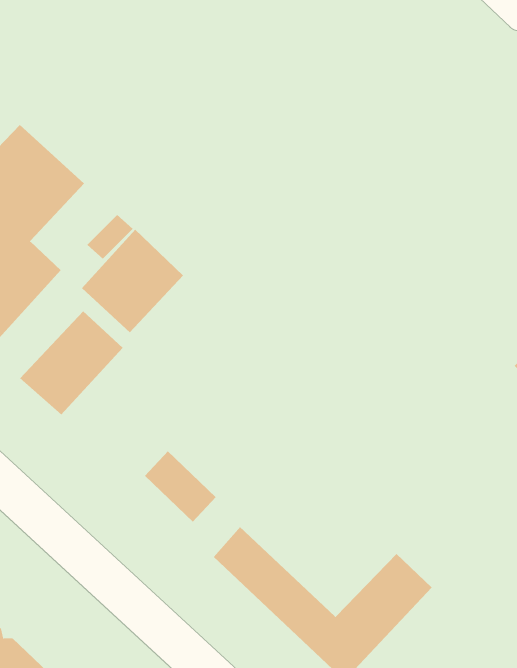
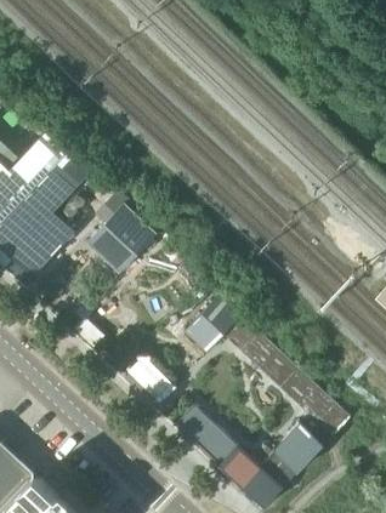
building: [19,311,123,415] -> none
building: none -> [181,296,356,439]

